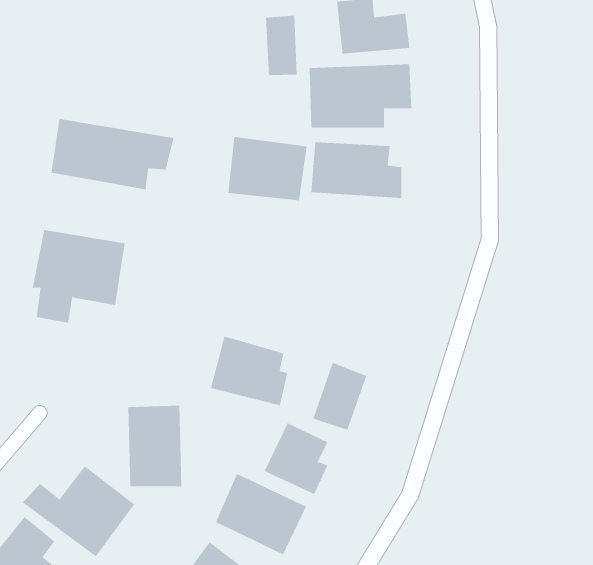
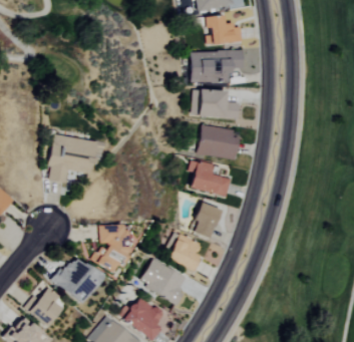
building: [266,15,297,76] -> none
building: [51,118,174,190] -> none
building: [228,137,308,201] -> [199,125,240,158]
building: [210,336,288,406] -> [192,160,232,197]

